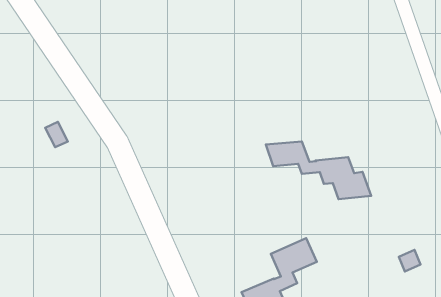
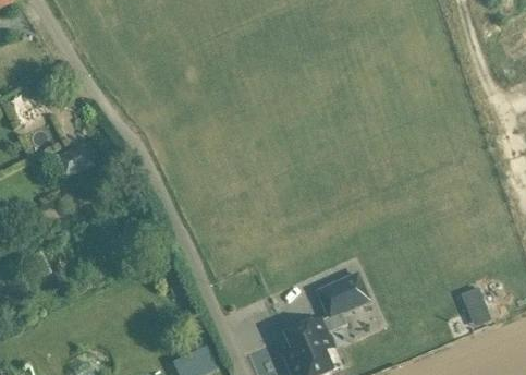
building: [266,141,371,199] -> none

